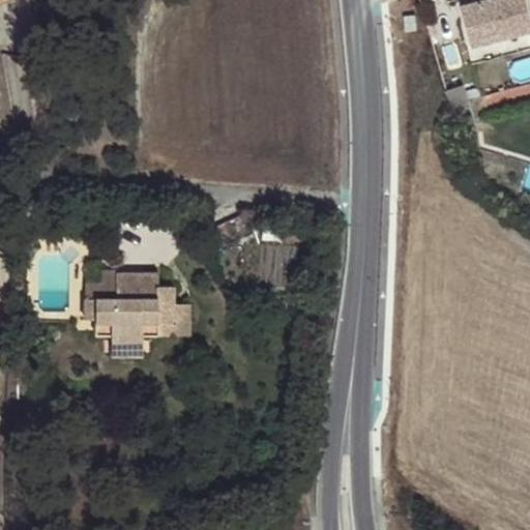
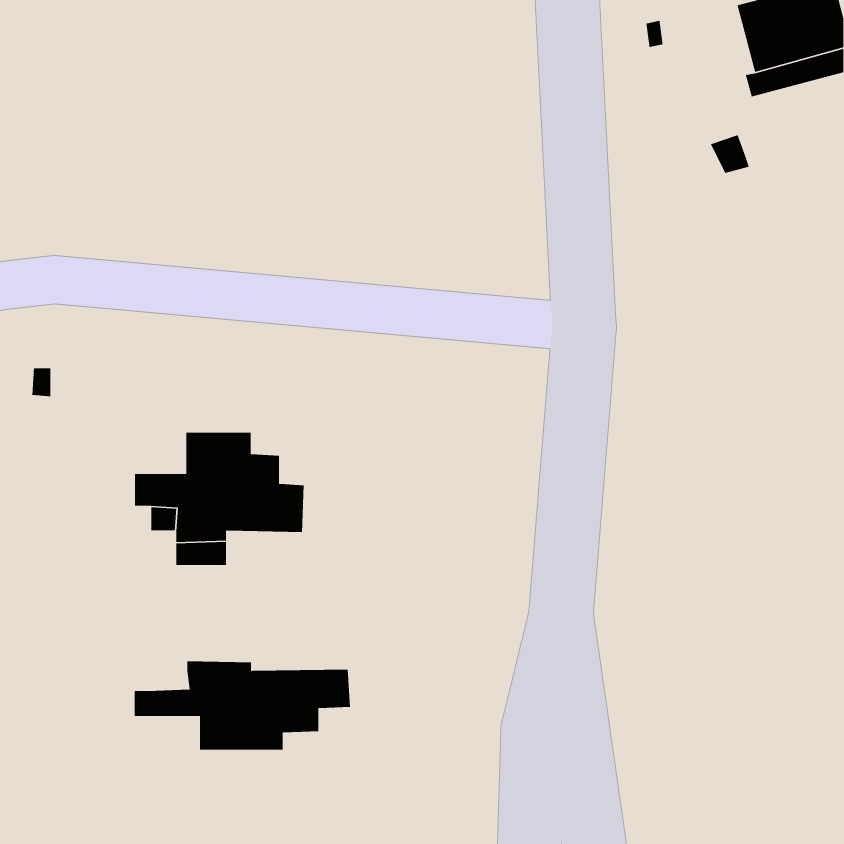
building: none -> [134,661,351,751]

